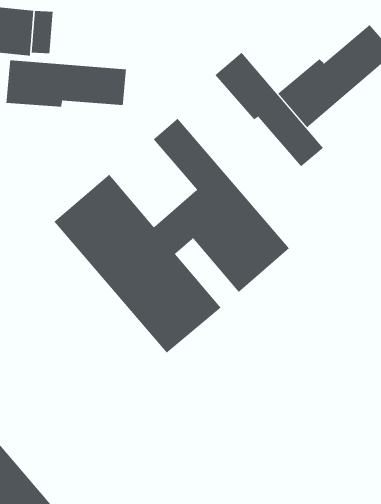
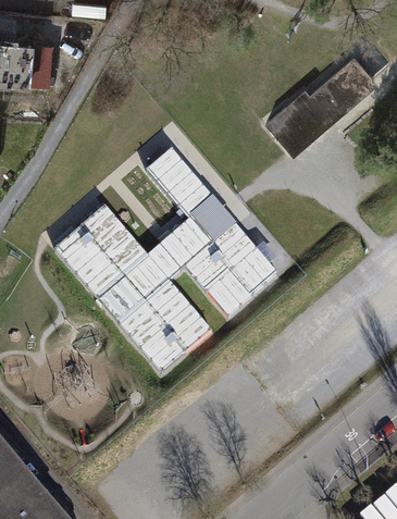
building: [214,52,324,167] -> none
building: [6,59,127,107] -> none

